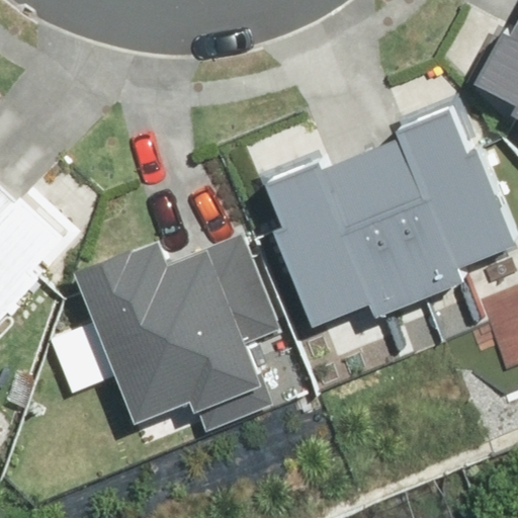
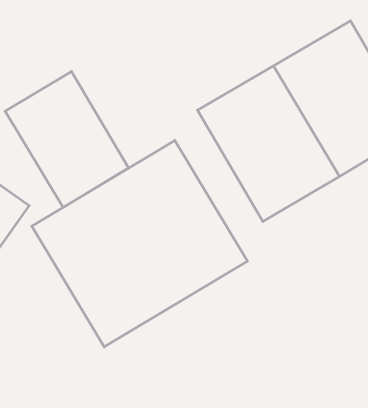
building: none -> [5,71,128,208]

